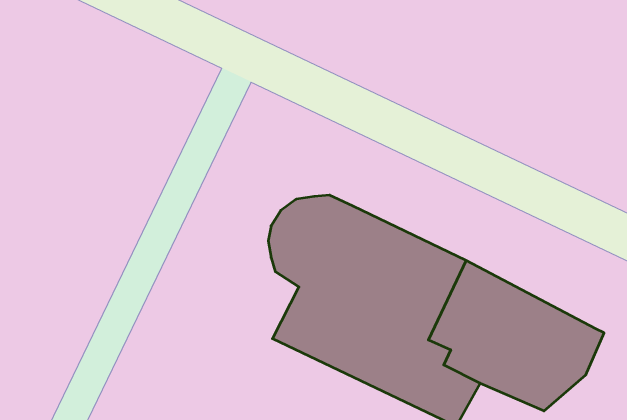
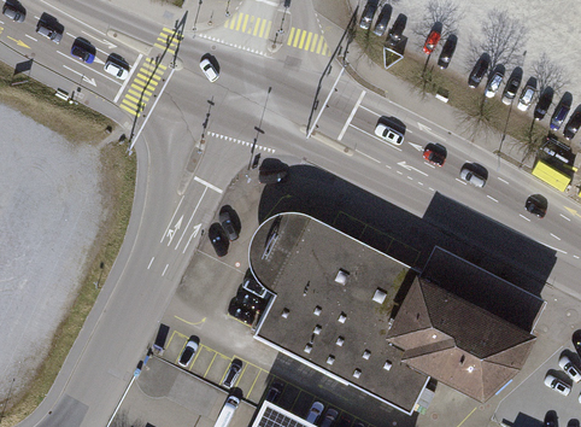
building: none -> [419,241,548,327]

